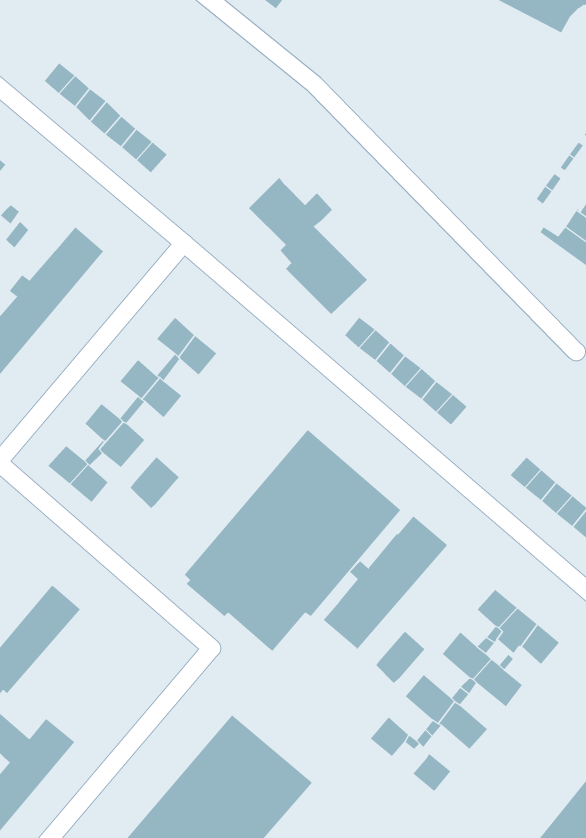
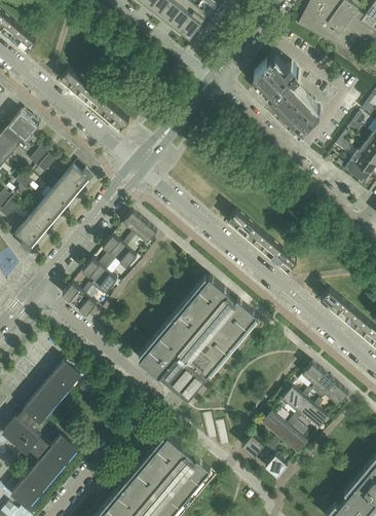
building: [248,177,368,315] -> [253,54,319,132]
building: [130,457,179,509] -> none
building: [323,516,447,650] -> none
building: [375,631,425,684] -> none

